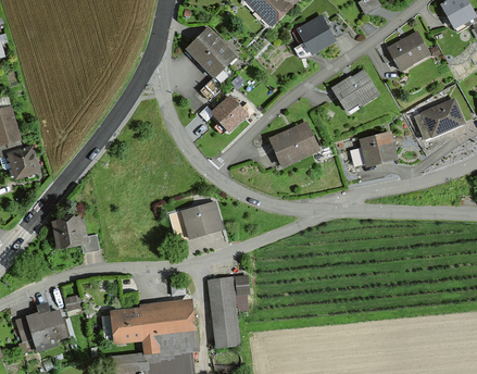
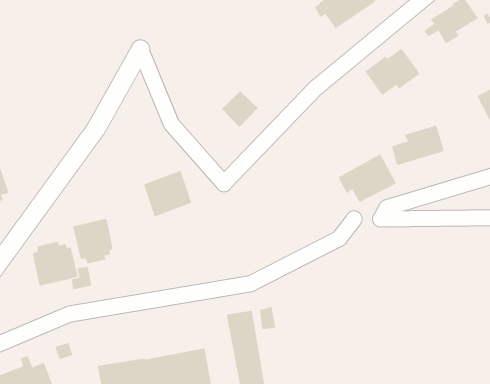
building: [187,27,235,86] -> none
building: [271,123,318,162] -> [338,154,397,203]
building: none -> [73,218,113,264]
building: [183,201,222,238] -> [143,170,192,217]

